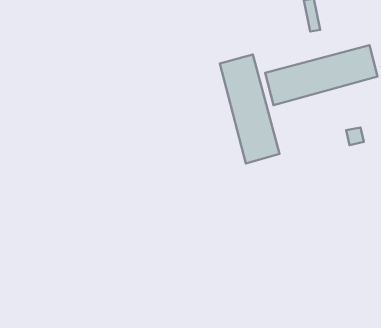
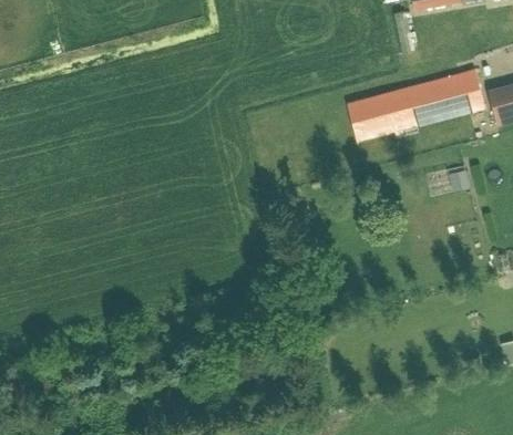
building: [220,54,280,164] -> none

